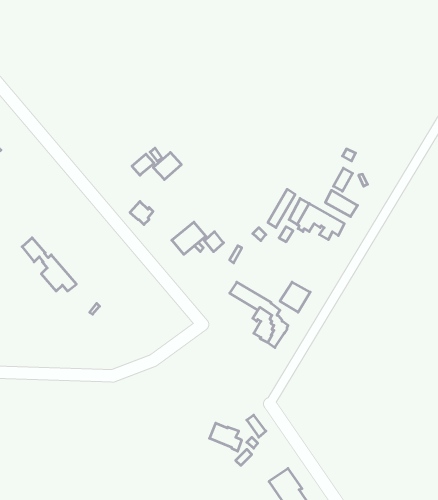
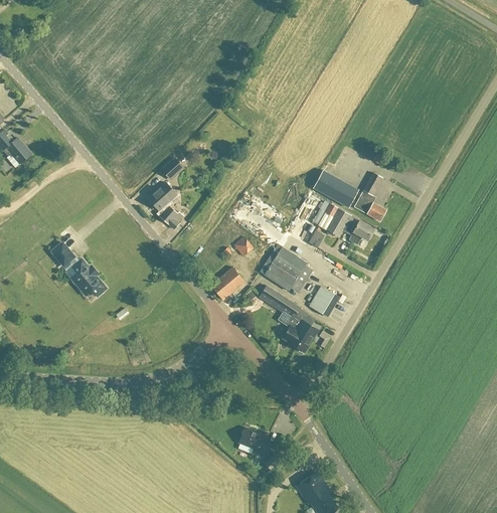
building: [153,152,181,180] -> [148,183,176,210]
building: none -> [313,170,358,207]
building: [172,222,206,254] -> [210,268,244,300]
building: none -> [265,247,312,291]

